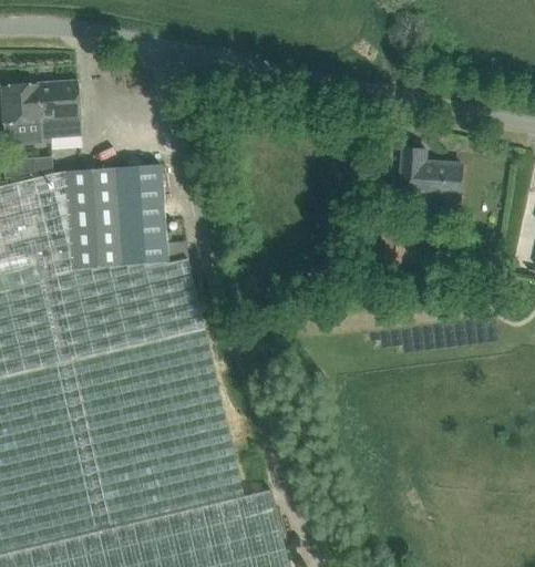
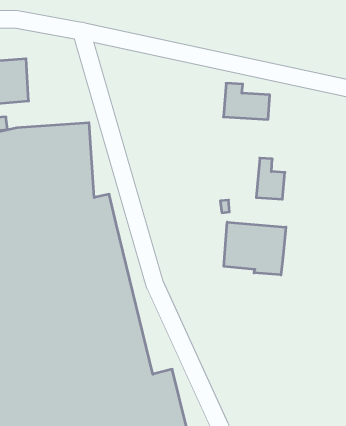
building: [402,150,463,197] -> [223,83,270,119]
building: none -> [224,222,286,275]

